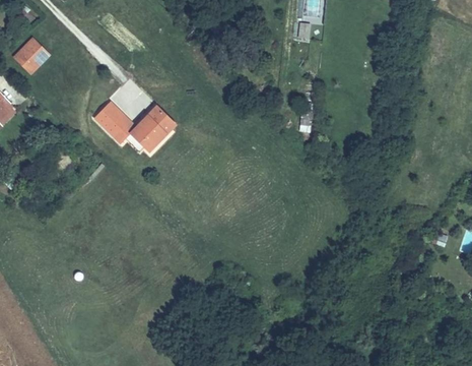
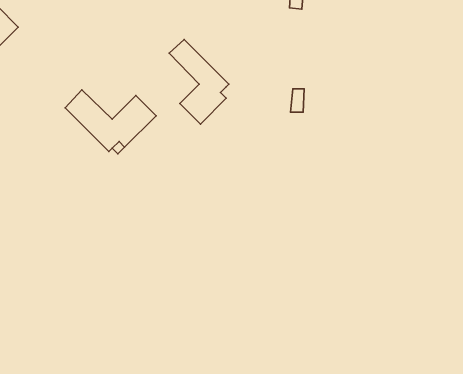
building: none -> [169,39,229,124]

